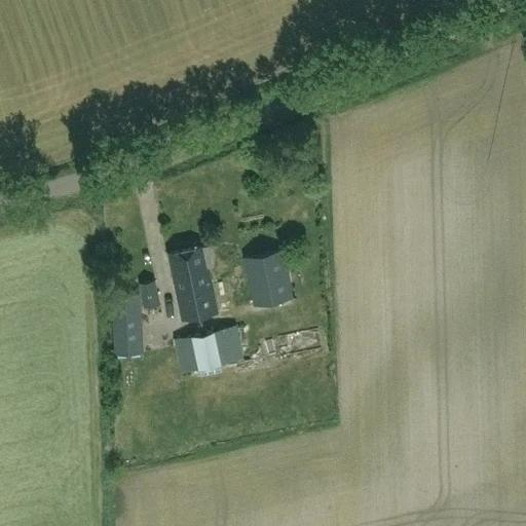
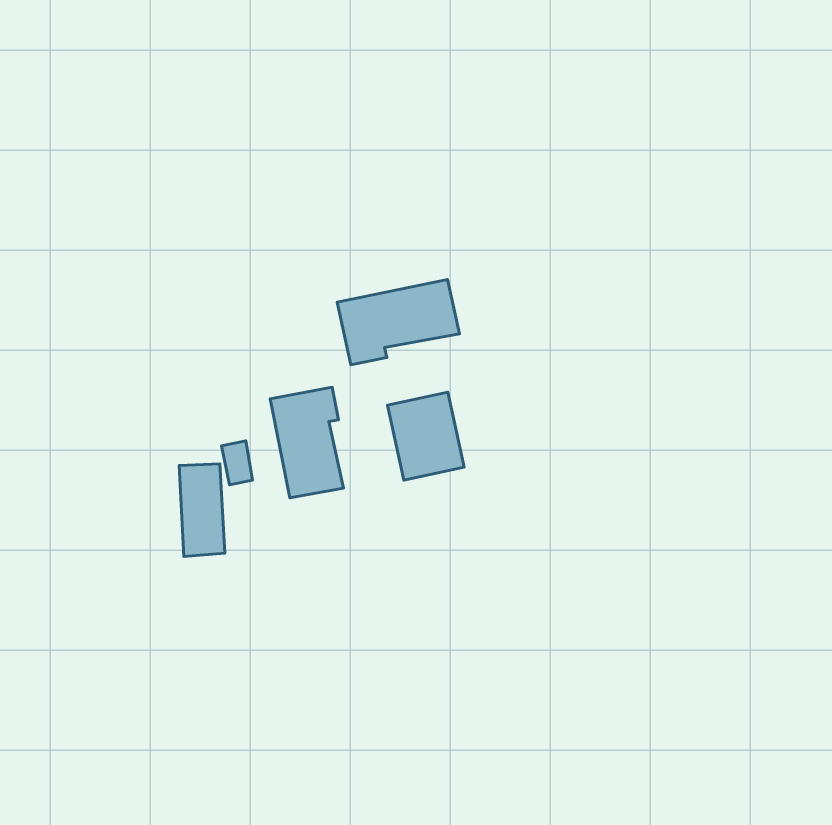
building: none -> [337,279,460,365]
building: [176,328,242,374] -> none

